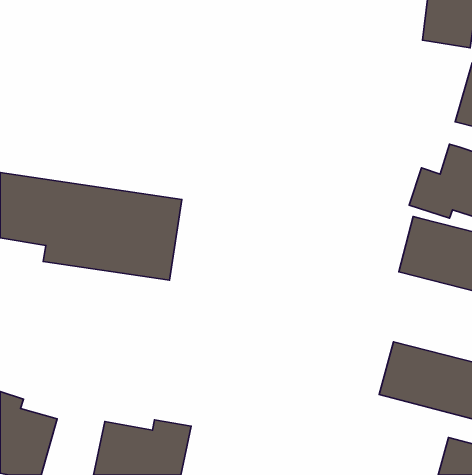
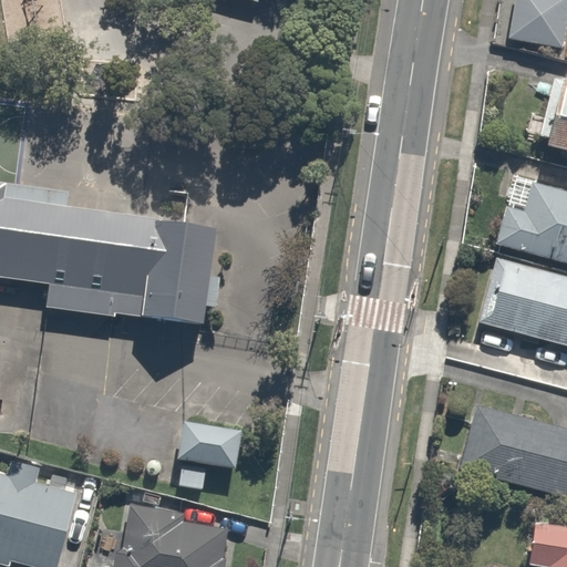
building: none -> [178,427,241,476]

